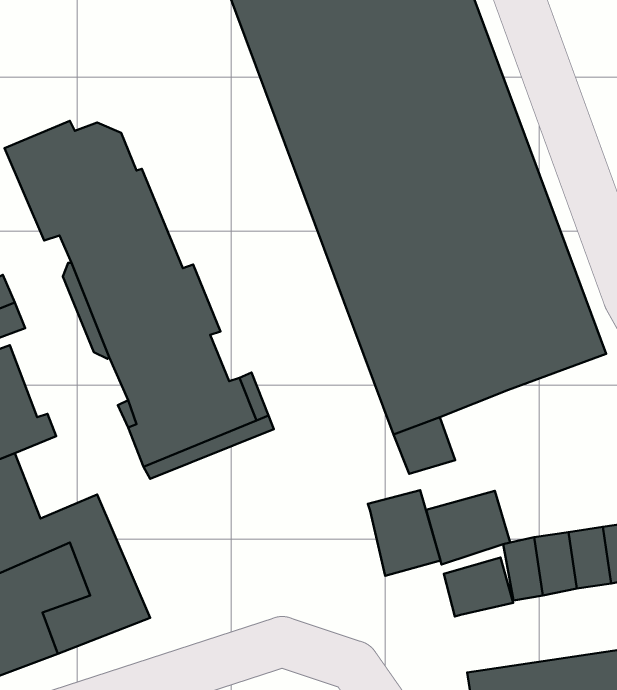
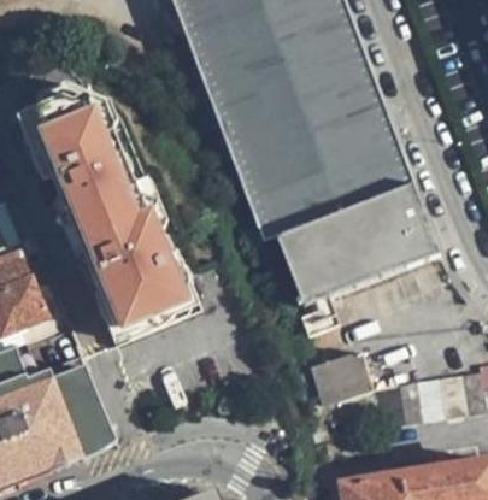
building: [368,490,440,576] -> none
building: [444,558,513,617] -> none

